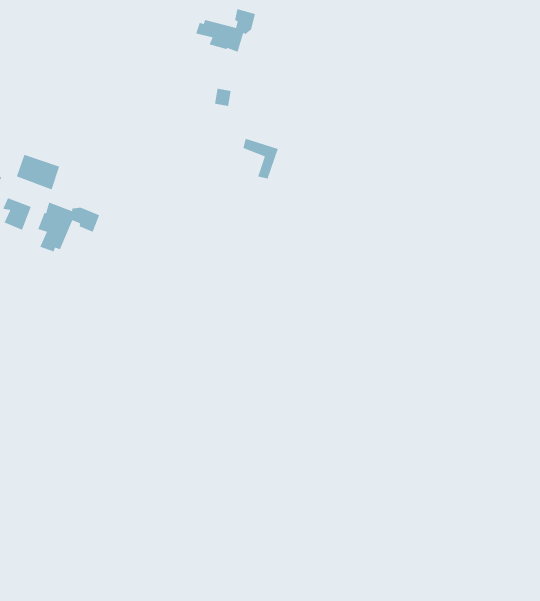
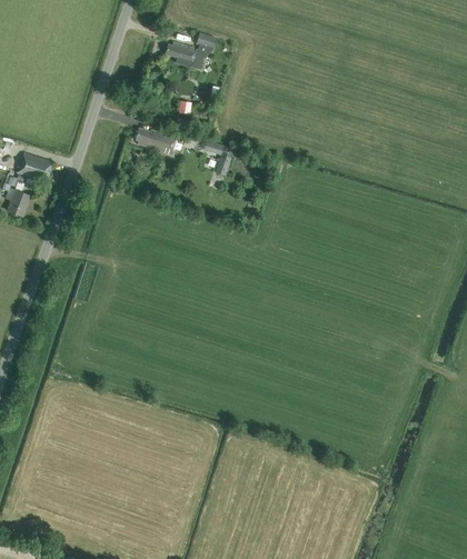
building: none -> [135,128,178,154]
building: [37,201,100,252] -> none

